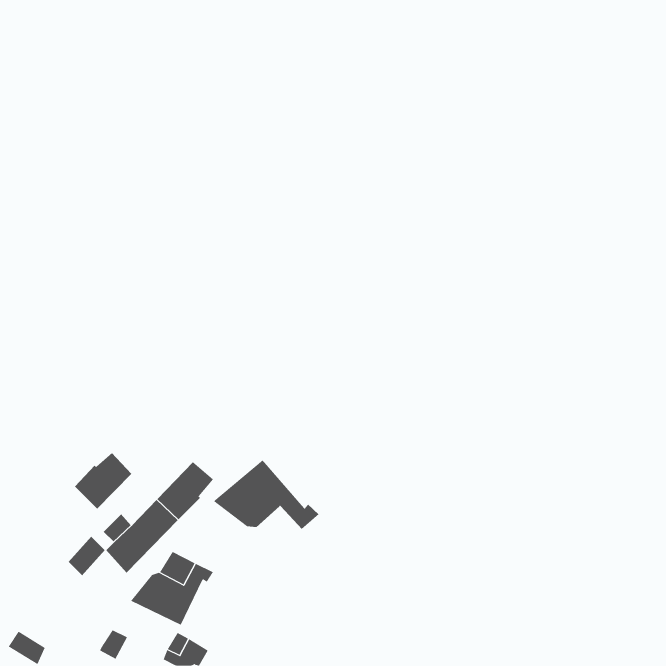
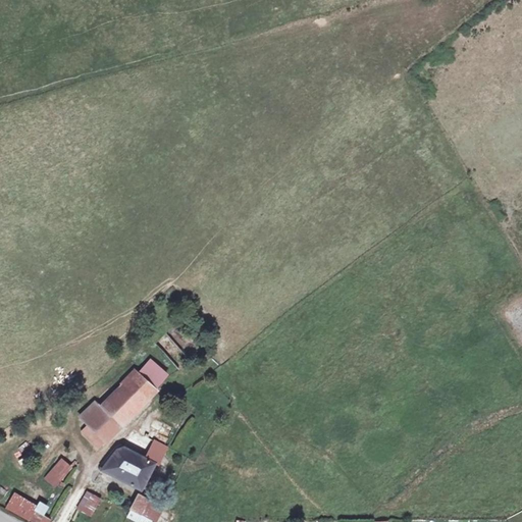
building: [74,452,132,510] -> none
building: [213,459,319,530] -> none
building: [68,536,106,576] -> [43,458,72,489]

